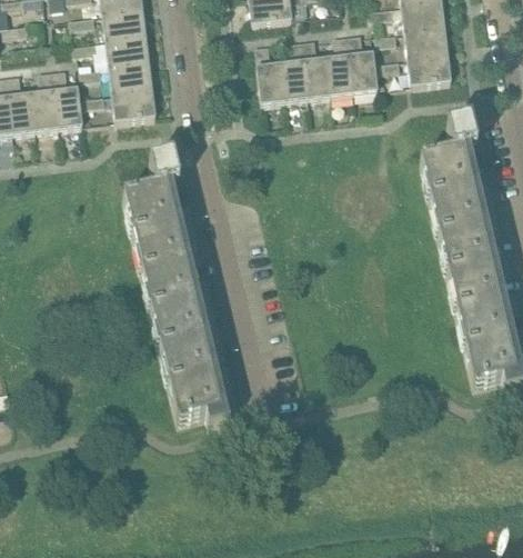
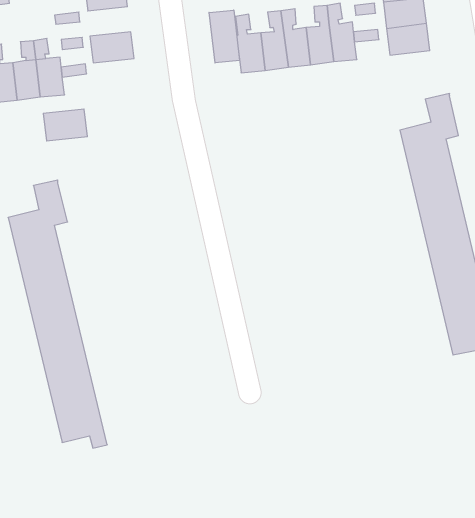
building: [109,36,152,66] -> none
building: none -> [209,10,240,63]
building: [114,88,159,120] -> [43,109,87,141]
building: [125,159,225,429] -> [8,180,107,448]

